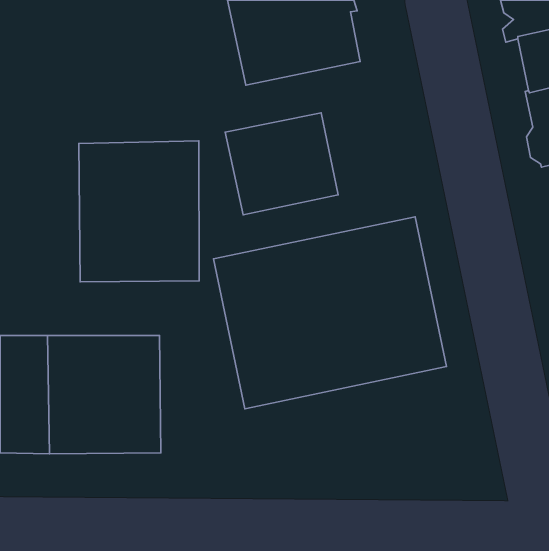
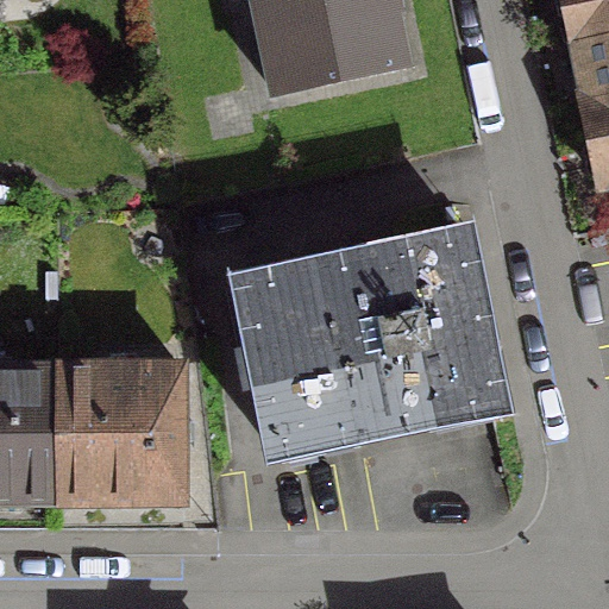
building: [225,113,338,215] -> none
building: [79,141,199,282] -> none

